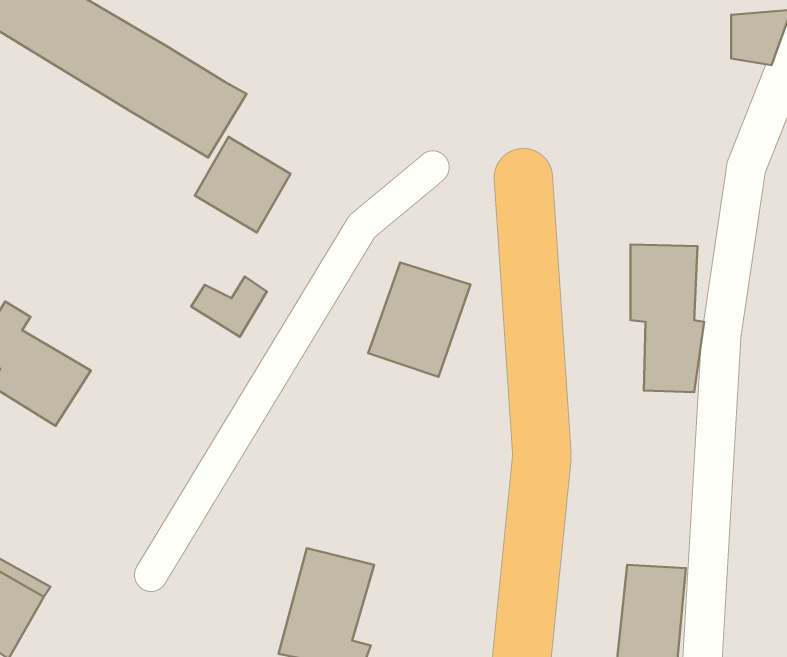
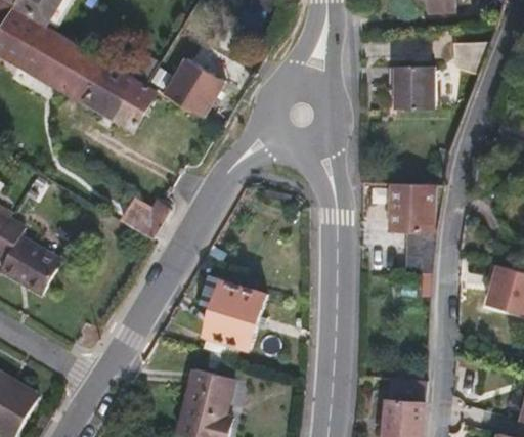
building: none -> [394,67,432,108]
building: [195,137,290,232] -> [166,61,224,120]
building: [368,263,470,377] -> [204,280,266,350]

